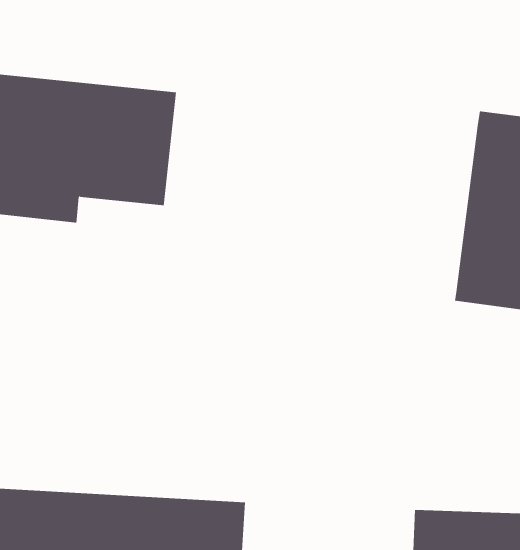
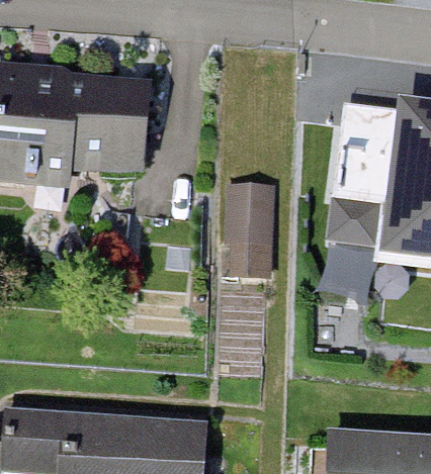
building: none -> [325,110,393,251]
building: none -> [230,188,278,282]

